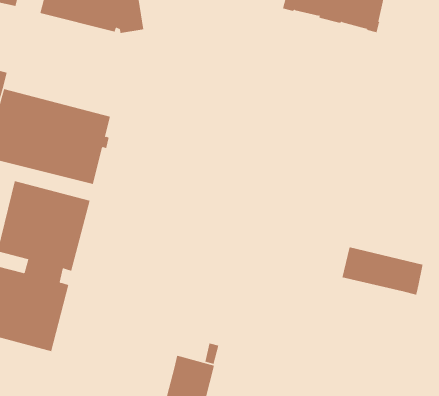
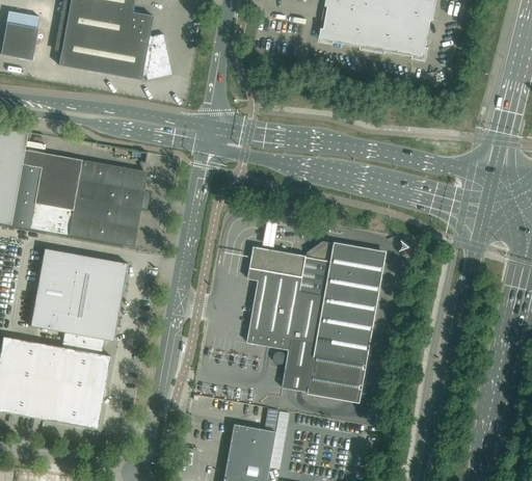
building: none -> [247,241,383,399]
building: [342,247,423,296] -> none

